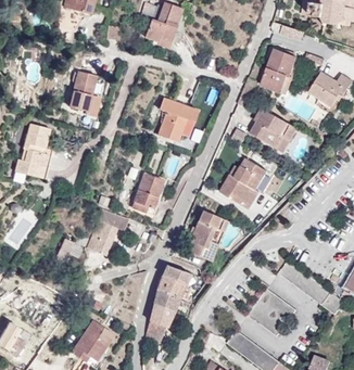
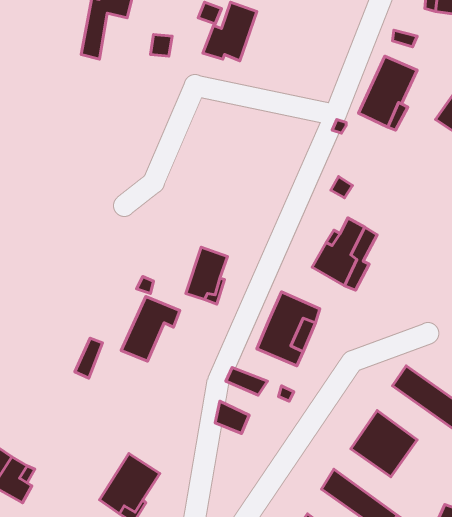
building: [69,72,103,116] -> none
building: [157,98,199,143] -> none
building: [254,106,300,149] -> none
building: [15,125,50,180] -> none
building: [156,270,197,303] -> none
building: [143,299,172,339] -> none

